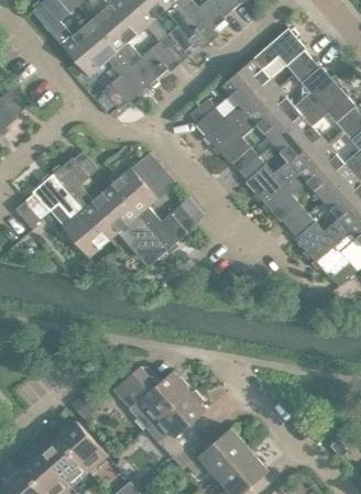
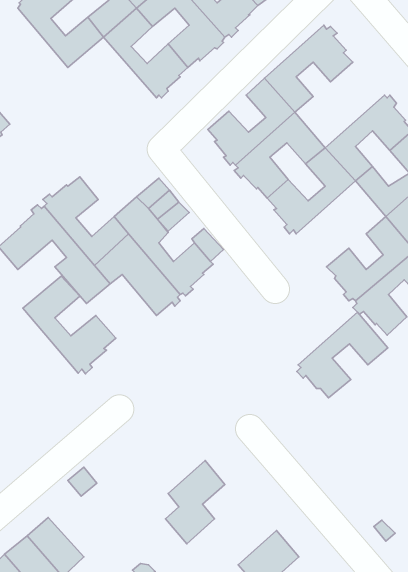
building: [73,36,146,110] -> none
building: [262,57,338,129] -> none
building: [262,156,338,228] -> [297,312,388,398]
building: none -> [23,276,116,374]
building: [111,365,187,427] -> none
building: [56,420,105,470] -> none
building: [172,427,247,476] -> none

